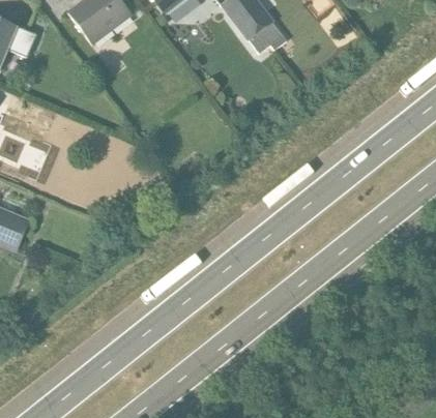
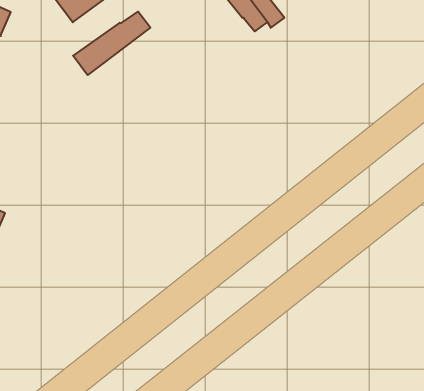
building: none -> [73,12,150,75]

